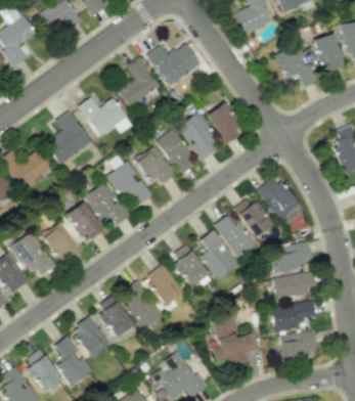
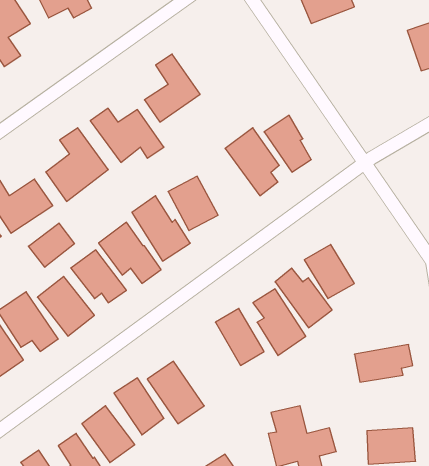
building: [147,43,202,87] -> none
building: [277,45,316,88] -> none
building: [158,130,195,175] -> none
building: [258,176,304,226] -> none
building: none -> [28,223,74,267]
building: [274,242,312,271] -> none
building: [146,264,185,306] -> none
building: [272,302,316,330] -> none

